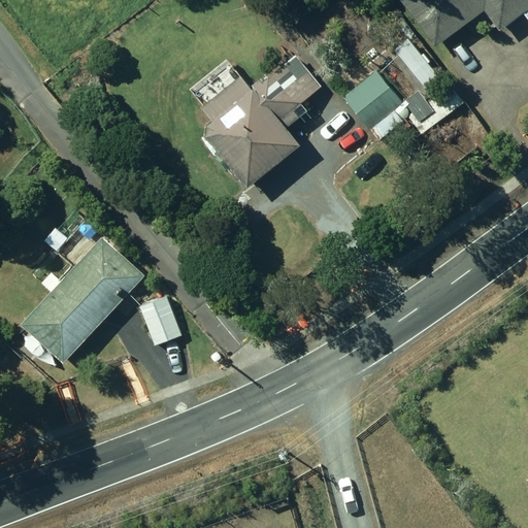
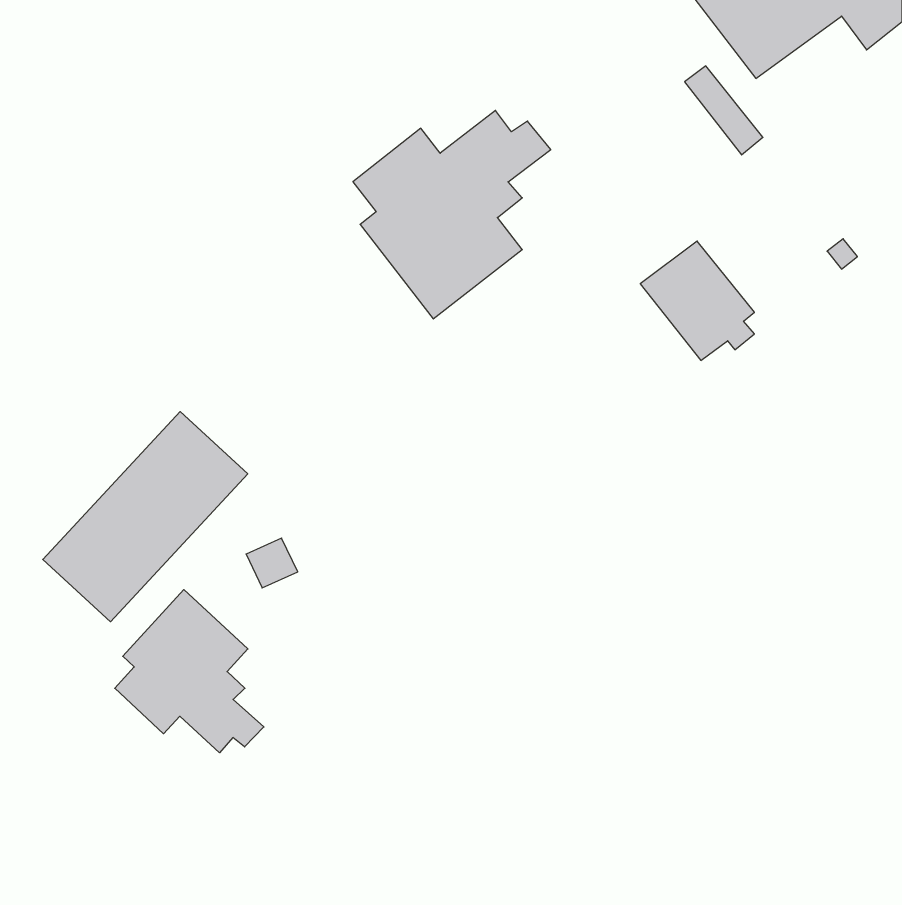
building: [343,69,409,138] -> [640,241,754,360]
building: none -> [115,590,264,753]

